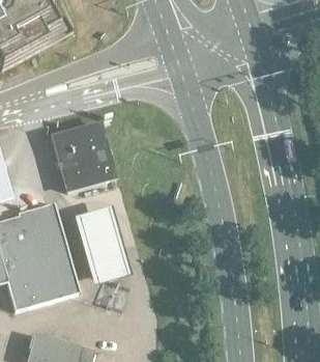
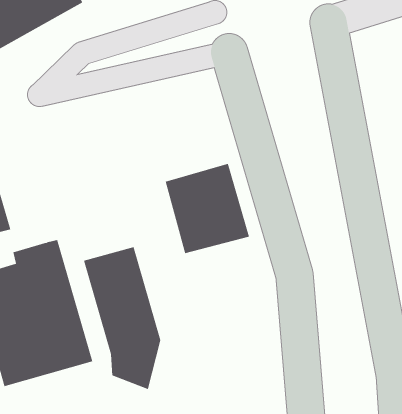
building: [52,123,114,190] -> [165,163,250,254]

